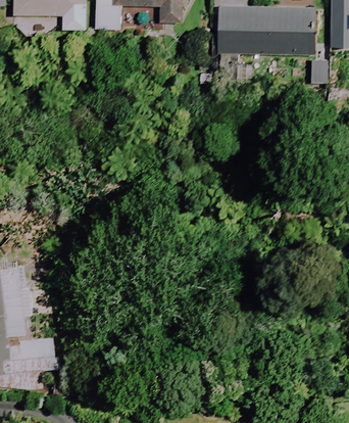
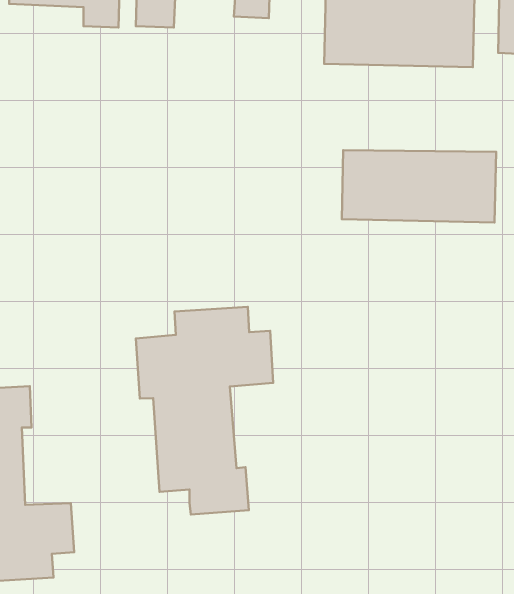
building: none -> [342,150,496,222]
building: none -> [136,307,273,515]

